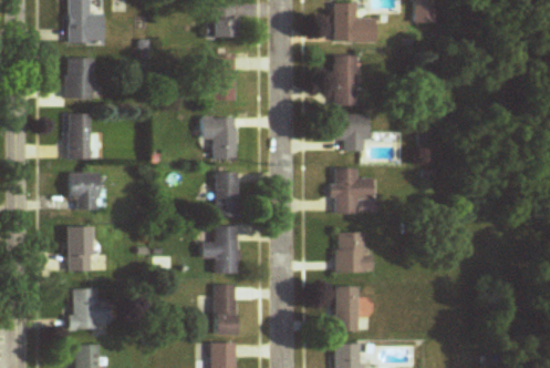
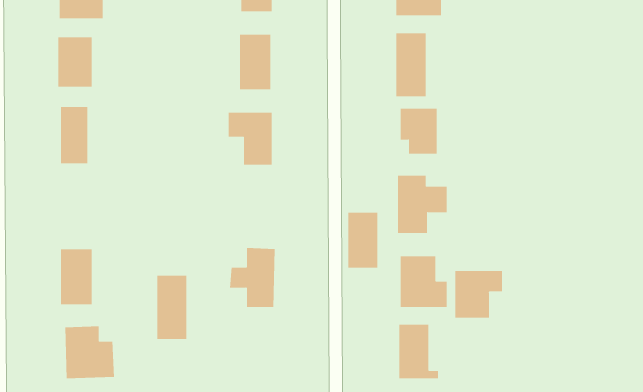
building: [69,171,98,208] -> none
building: [214,172,238,216] -> [347,212,378,268]
building: none -> [455,270,502,319]
building: [214,284,238,335] -> [156,275,187,339]

